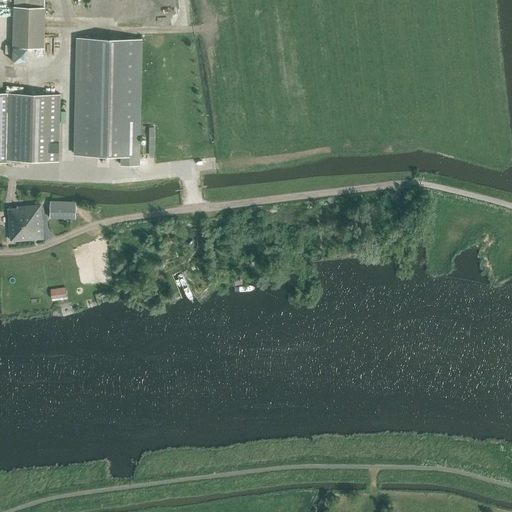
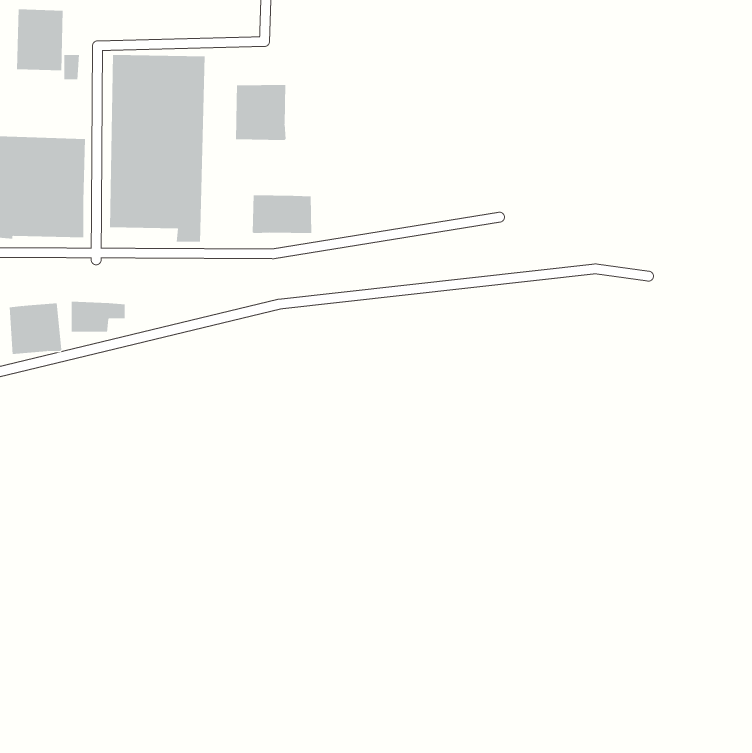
building: none -> [235,84,286,141]
building: none -> [252,195,312,234]

